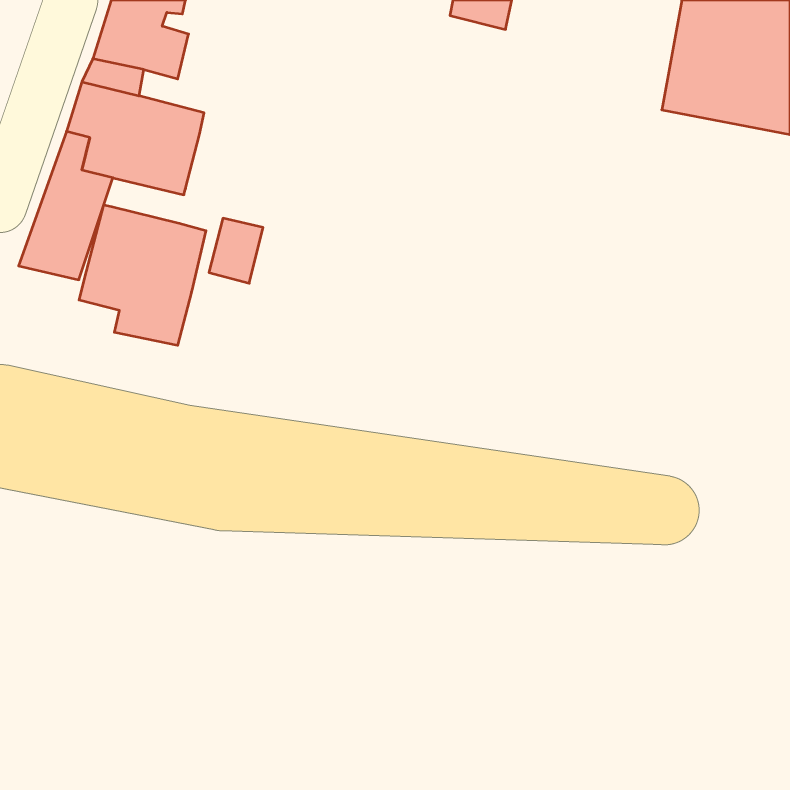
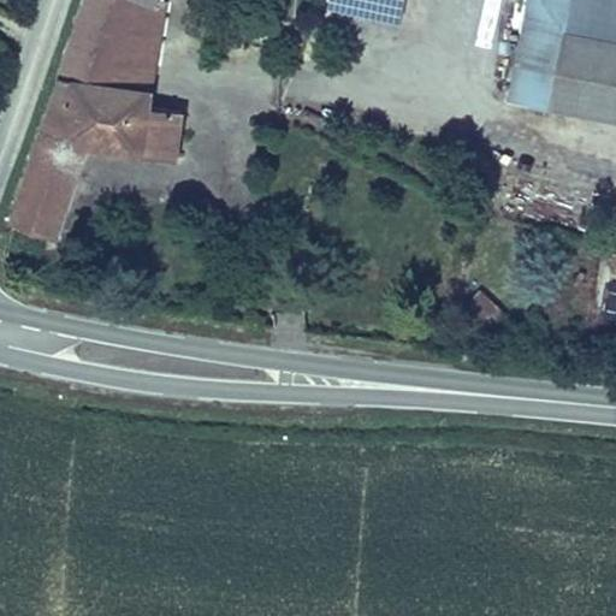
building: [79,205,206,345] -> none
building: [209,218,263,283] -> [144,105,186,155]

